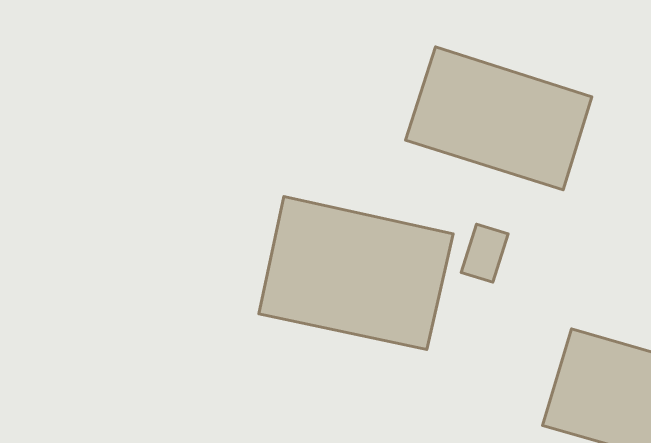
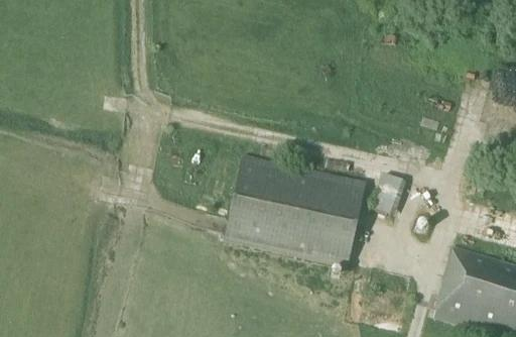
building: [405,47,592,190] -> none

